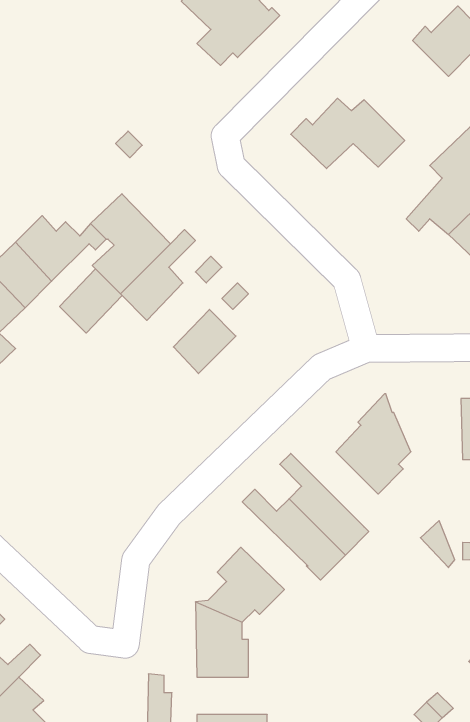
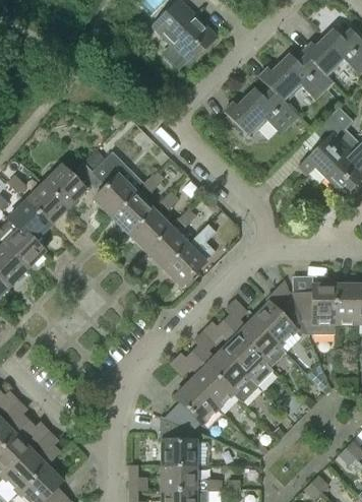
building: none -> [257,54,331,100]
building: [60,269,122,333] -> [129,208,170,250]
building: none -> [163,237,212,286]
building: none -> [290,284,335,333]
building: none -> [223,312,286,367]
building: none -> [184,351,234,407]
building: none -> [162,464,221,489]

